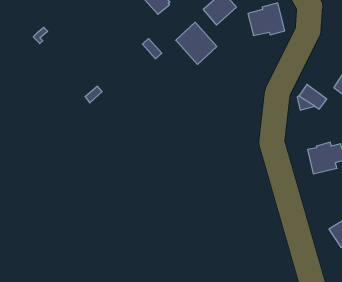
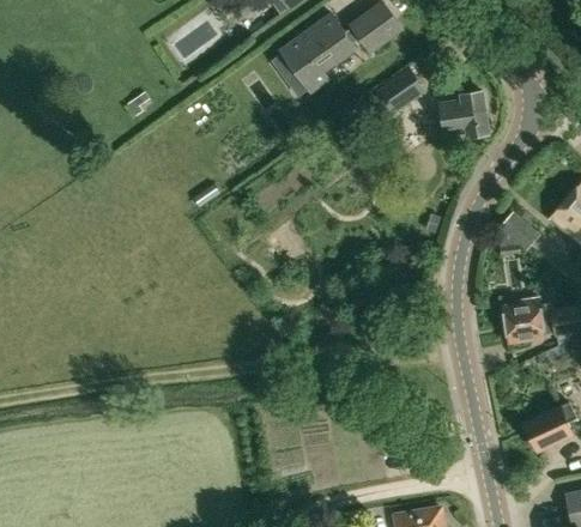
building: [176,22,217,64] -> none

